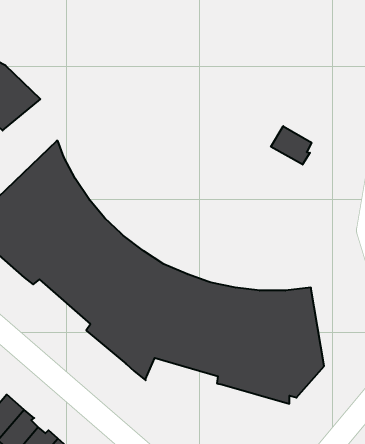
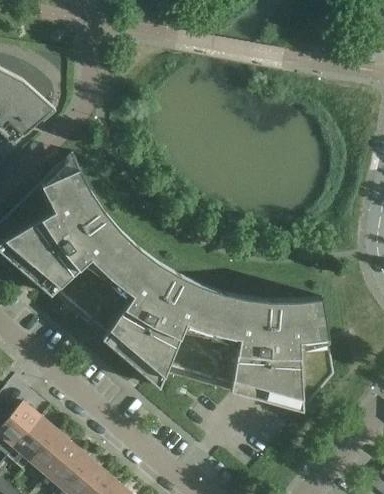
building: [271,126,311,165] -> none

